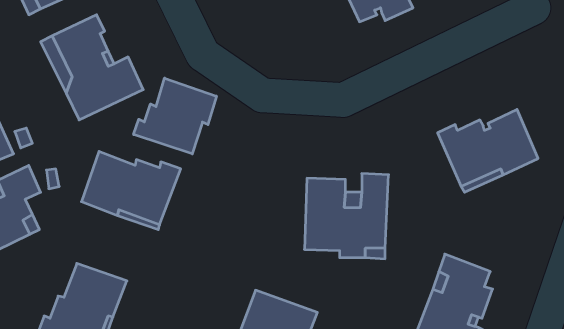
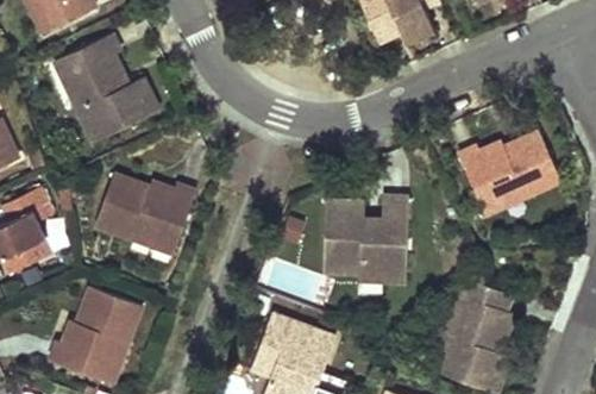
building: [134,78,216,154] -> none

